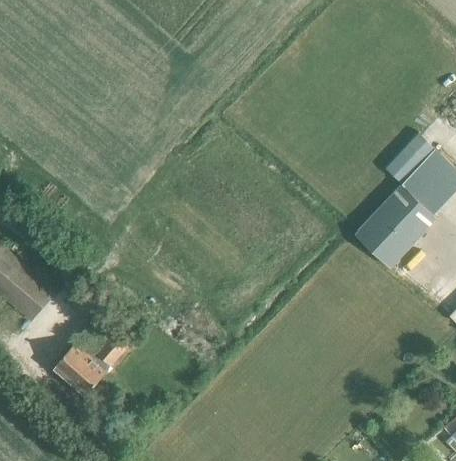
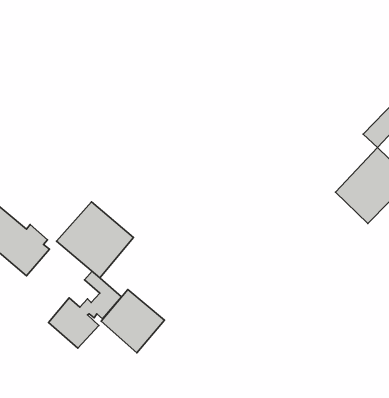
building: none -> [57,202,134,278]
building: none -> [101,290,164,353]

